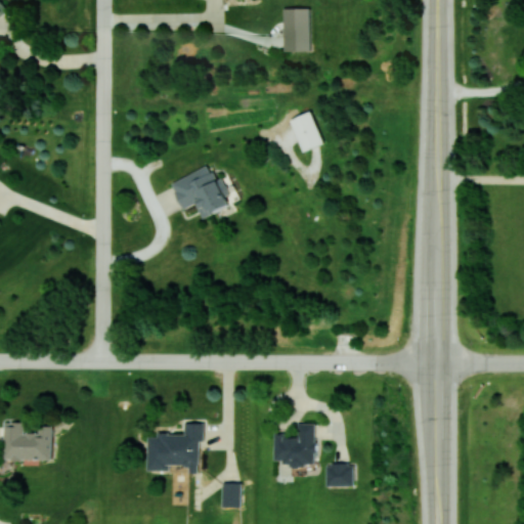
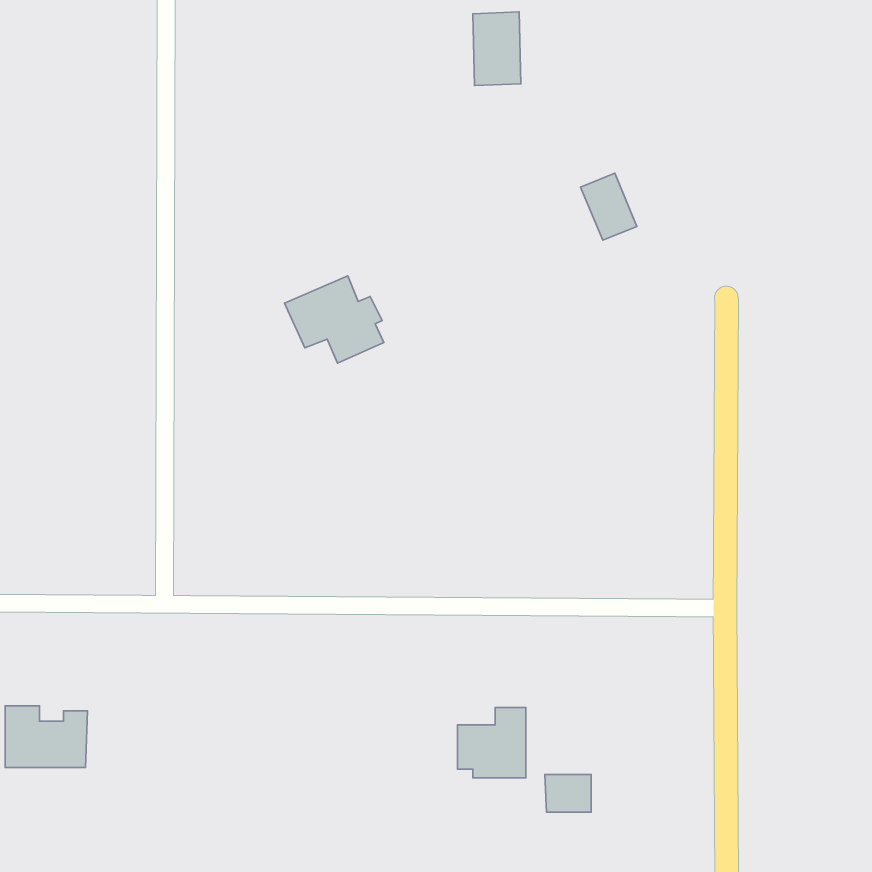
building: [290,113,323,152] -> [580,173,637,240]
building: [147,424,203,475] -> none
building: [222,484,241,509] -> none

